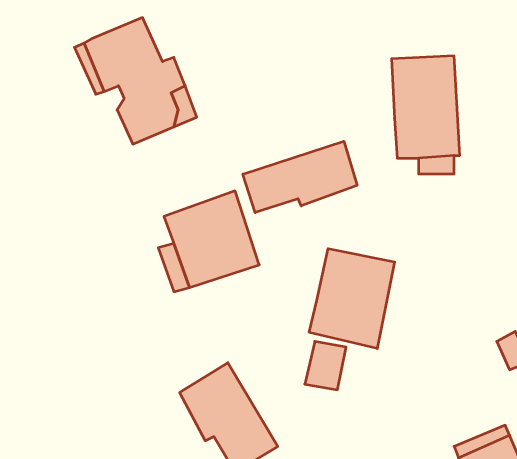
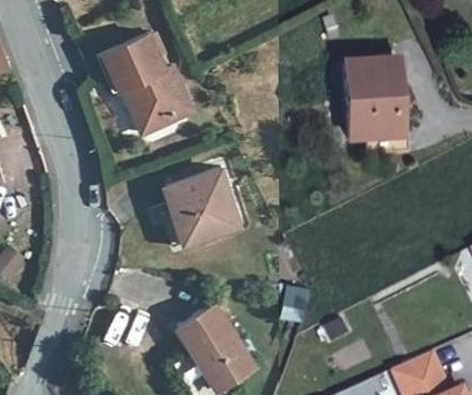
building: [243,141,357,213] -> none
building: [309,249,395,349] -> none

